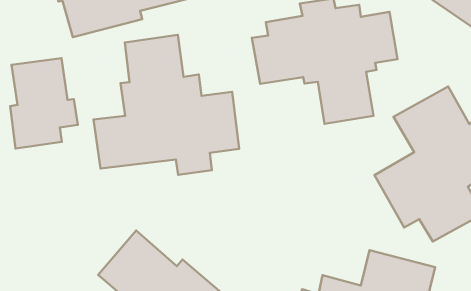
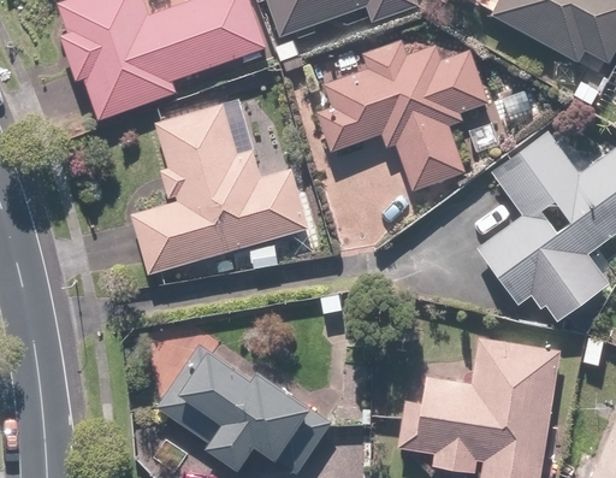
building: [10,58,78,149] -> none

